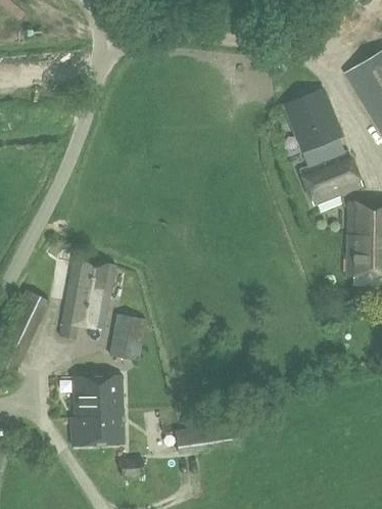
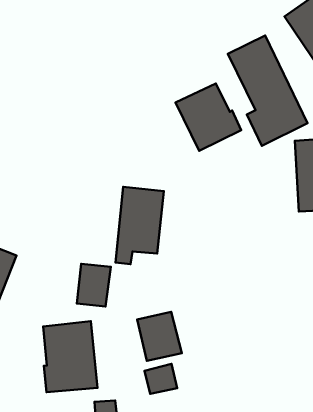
building: none -> [176,83,241,151]
building: [59,258,114,338] -> [116,187,164,264]
building: none -> [137,312,182,361]

